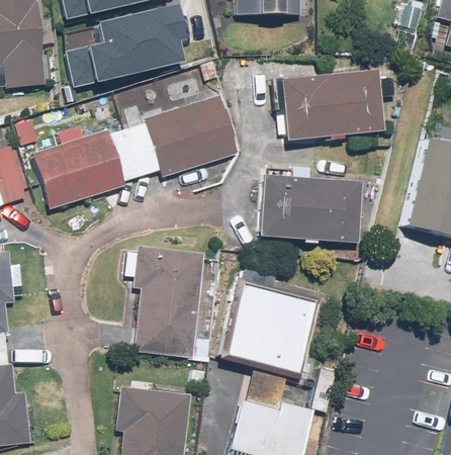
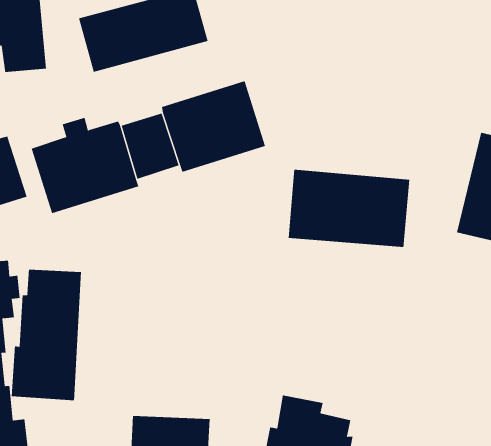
building: [279,69,383,141] -> none
building: [125,251,201,355] -> none
building: none -> [11,269,82,401]
building: [225,268,315,375] -> none

